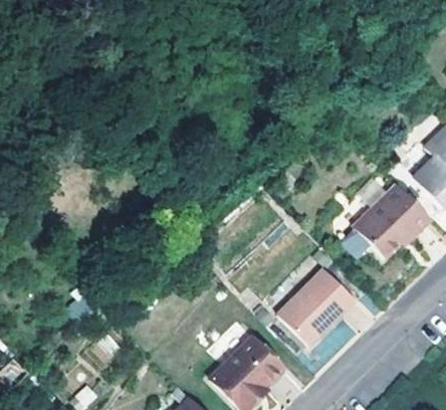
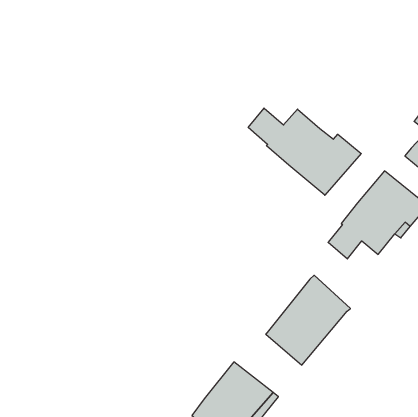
building: none -> [248,108,361,195]

